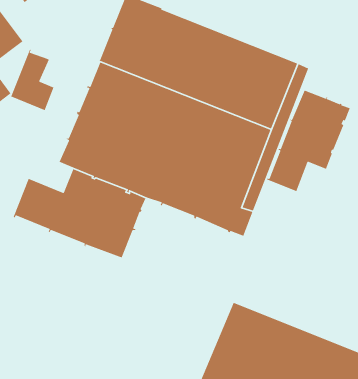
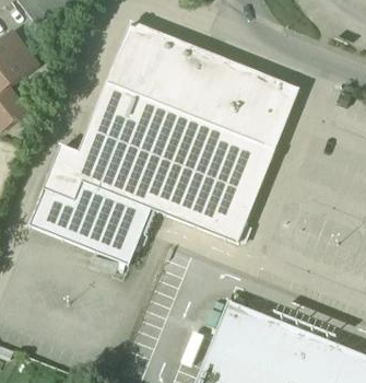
building: [10,49,55,111] -> [44,144,84,201]
building: [266,89,351,192] -> none

